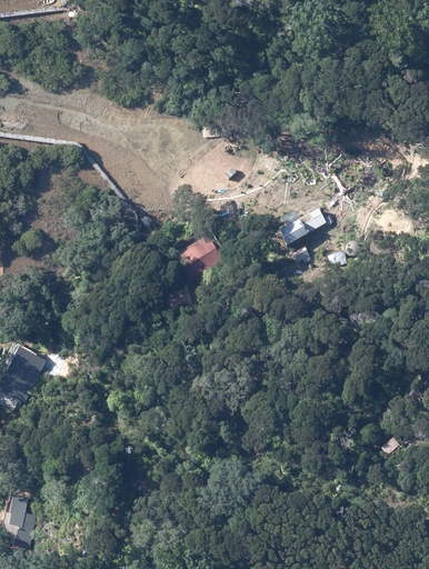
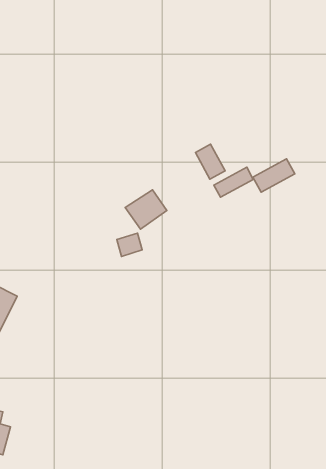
building: none -> [195,144,225,179]
building: none -> [253,159,295,192]

